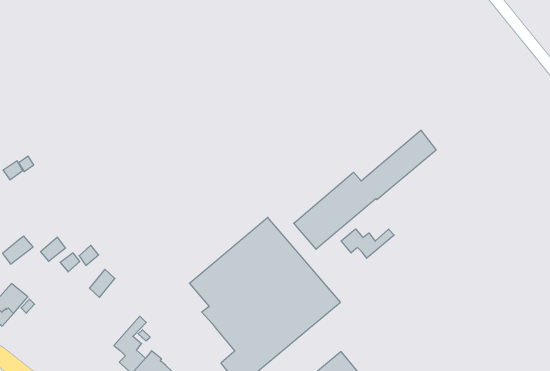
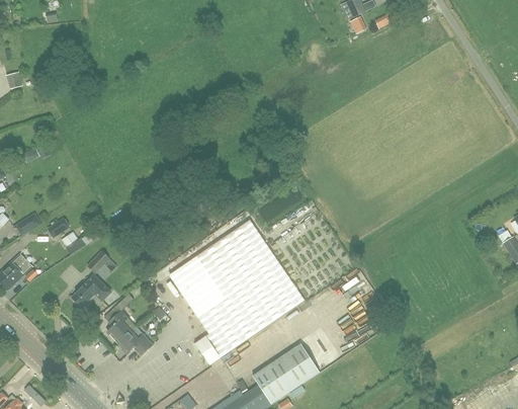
building: [294,130,436,249] -> none
building: [341,229,394,258] -> none
building: none -> [71,275,110,306]

